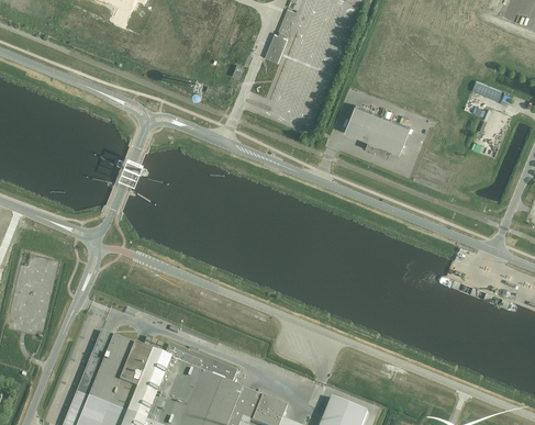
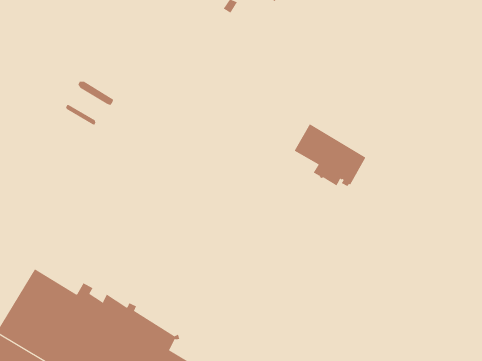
building: [344,105,409,157] -> [294,123,366,187]

